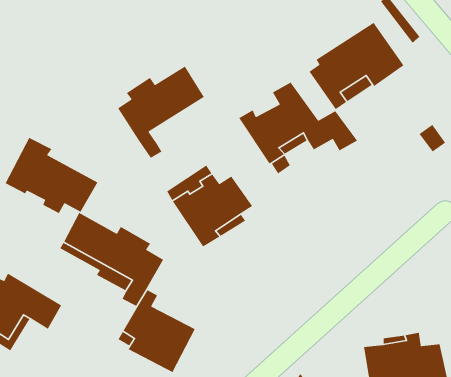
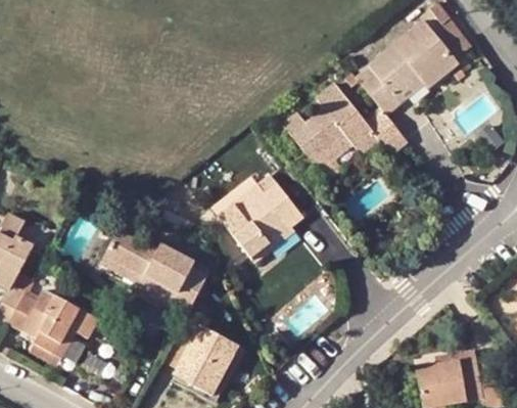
building: [117,66,205,159] -> none
building: [5,137,99,214] -> none

